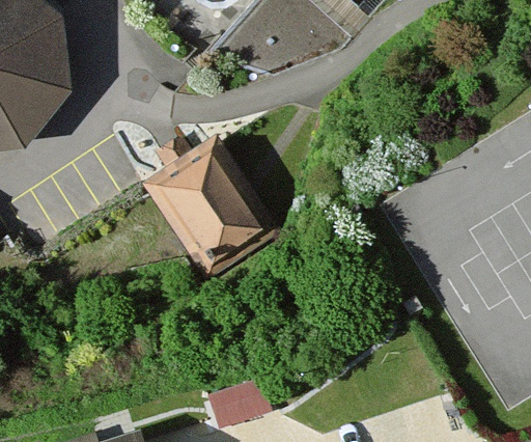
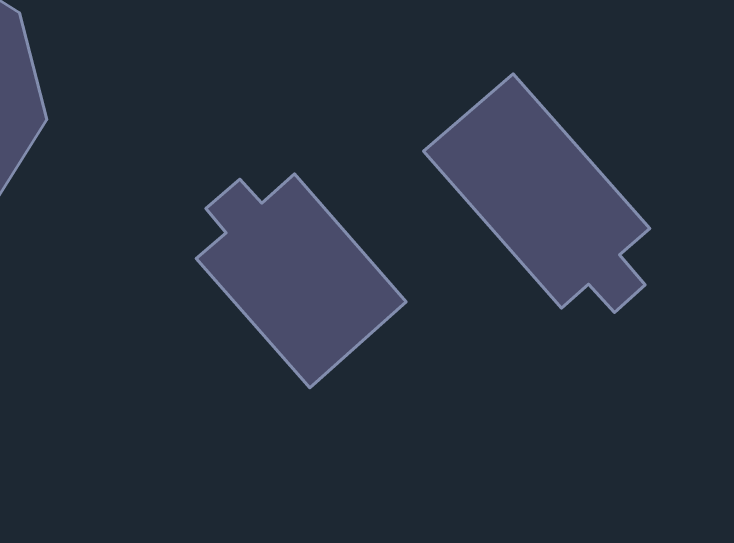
building: none -> [424,74,650,312]

